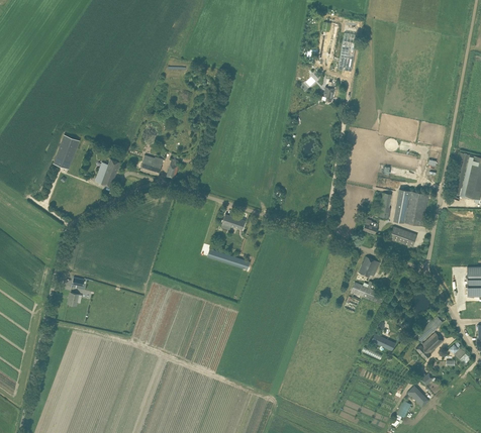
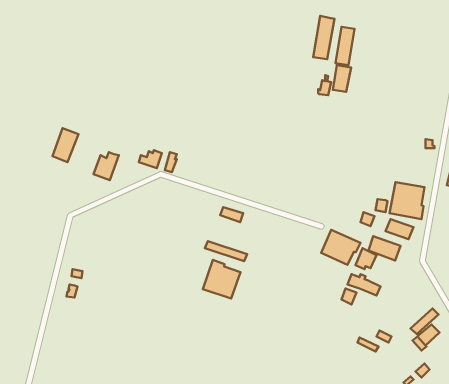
building: none -> [333,65,351,92]
building: none -> [321,230,361,265]
building: none -> [368,236,401,261]
building: none -> [203,260,240,298]

